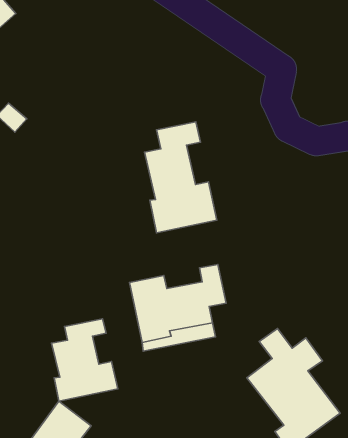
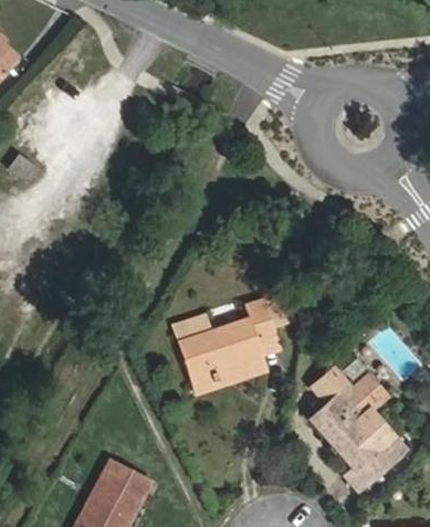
building: [145,122,217,233] -> none
building: [52,319,118,401] -> none

